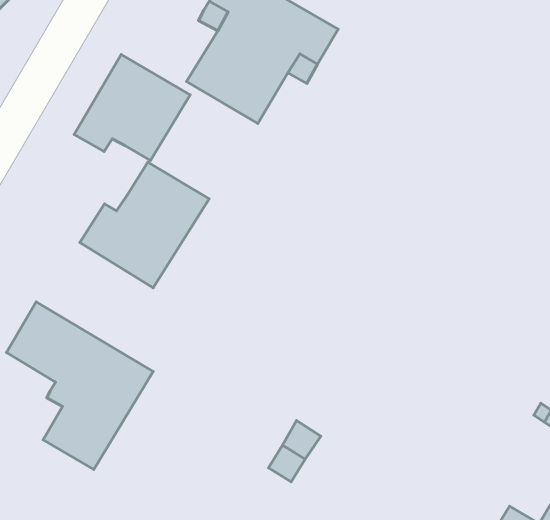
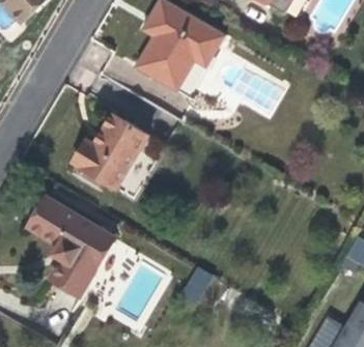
building: [74,55,190,161] -> none

